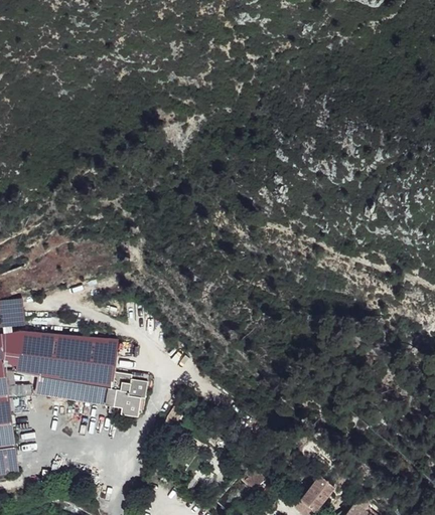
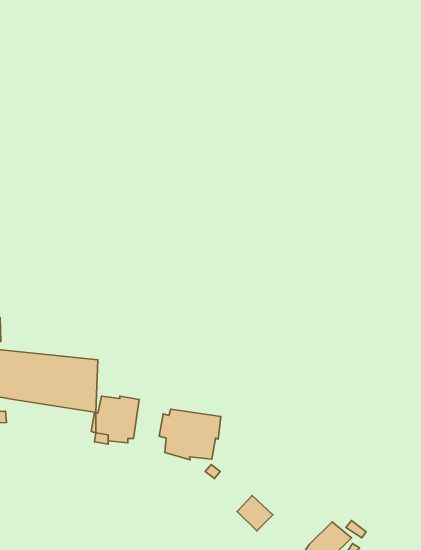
building: [34,375,109,406] -> none
building: none -> [159,409,221,460]

